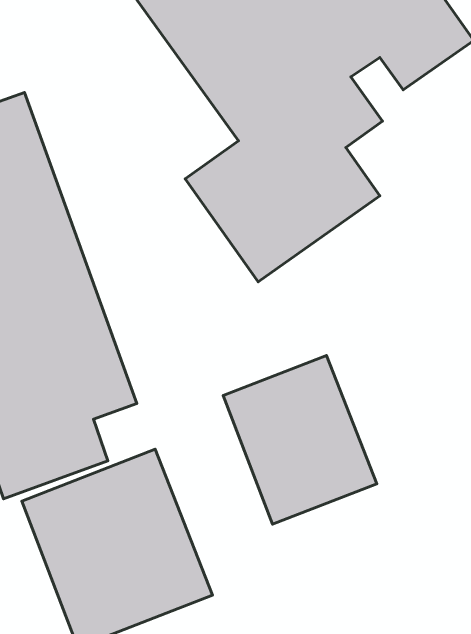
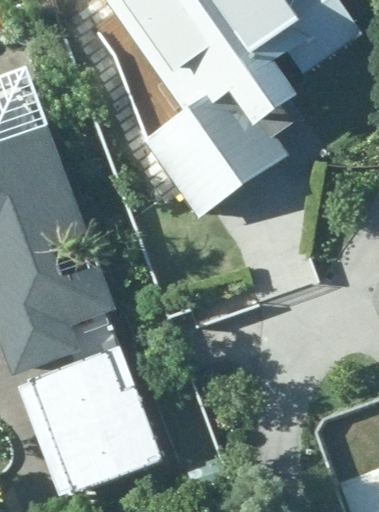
building: [223,356,377,524] -> none

